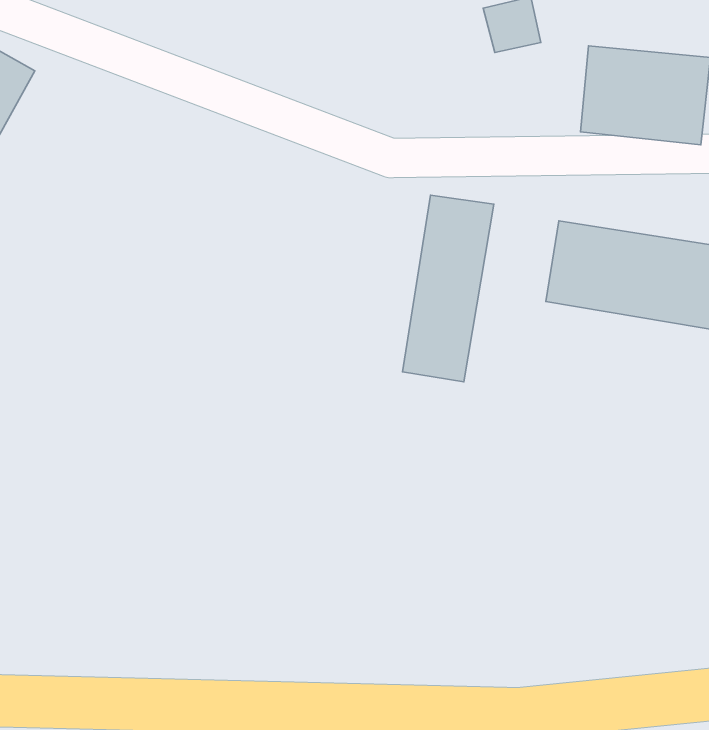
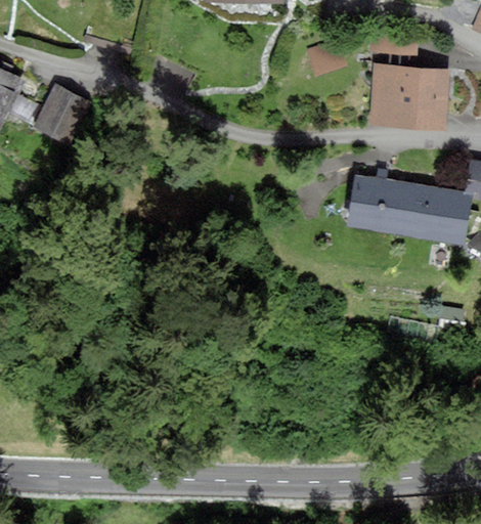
building: none -> [41,86,91,139]
building: [403,195,494,382] -> none

